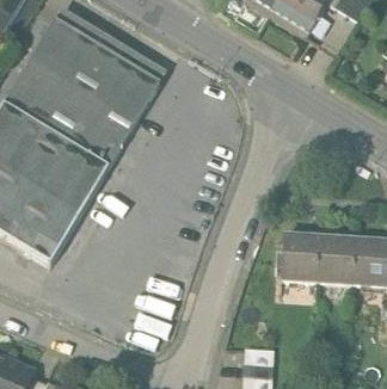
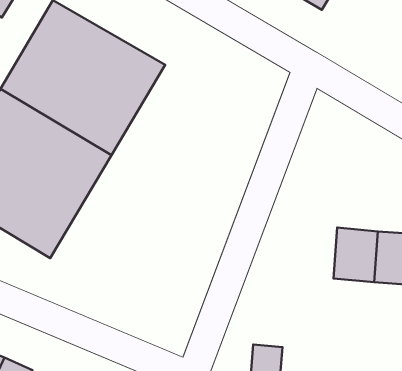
building: [281,233,322,283] -> none

